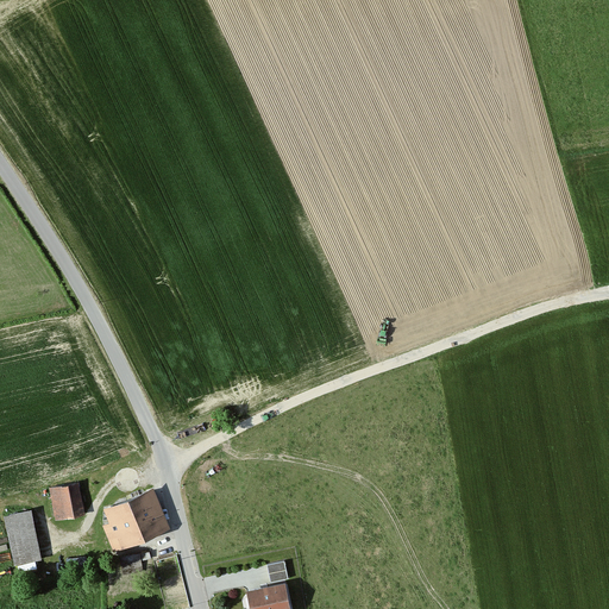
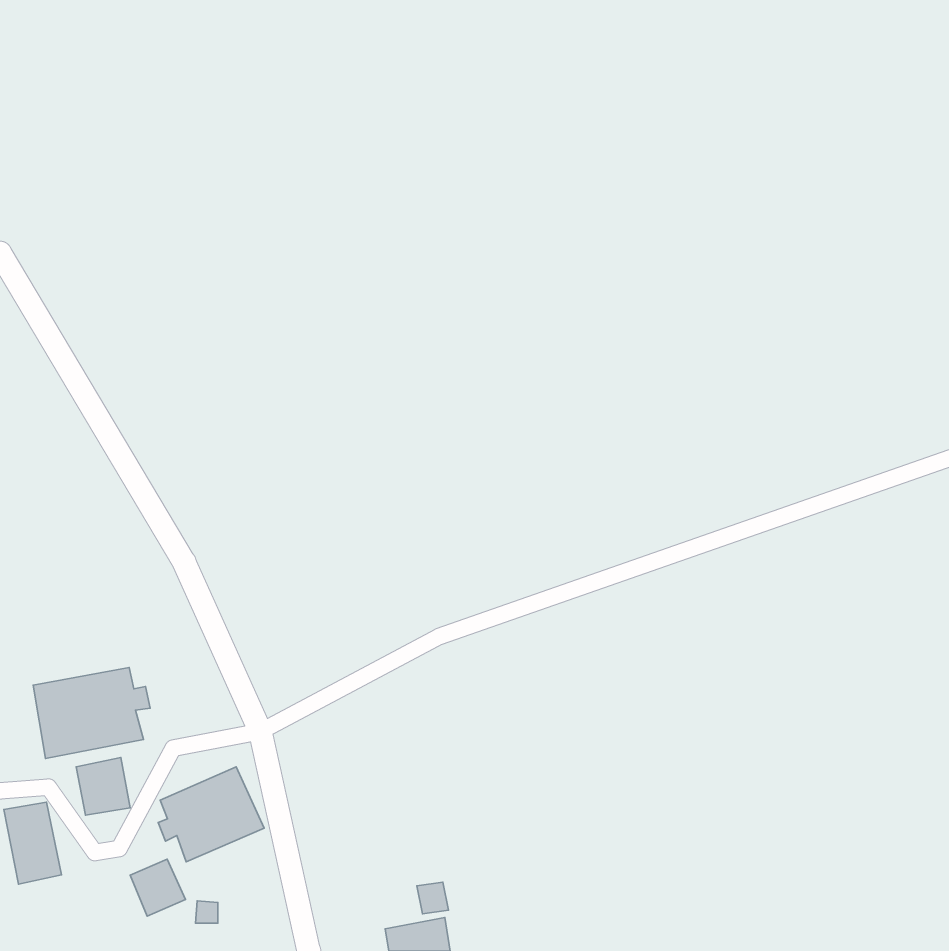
building: none -> [33,667,150,758]
building: none -> [130,859,186,916]

